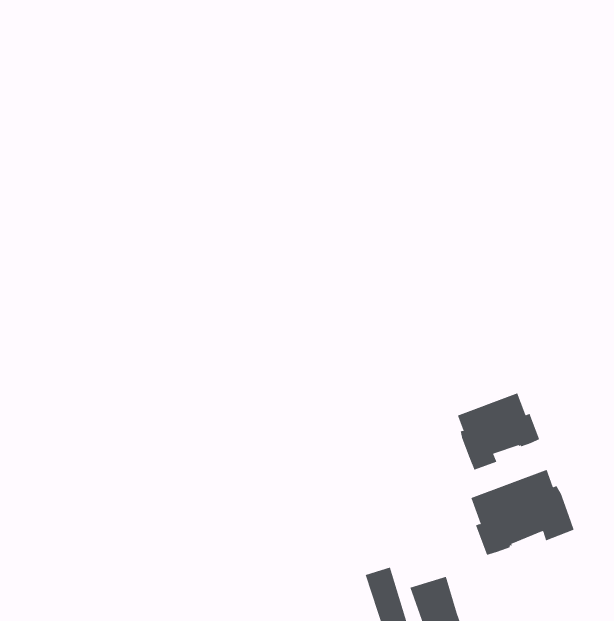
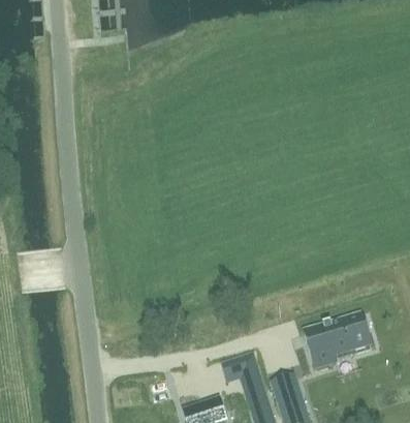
building: [457,392,540,470] -> none

